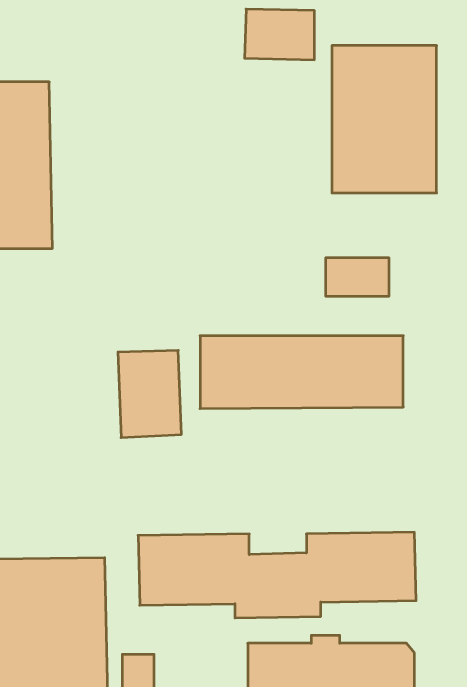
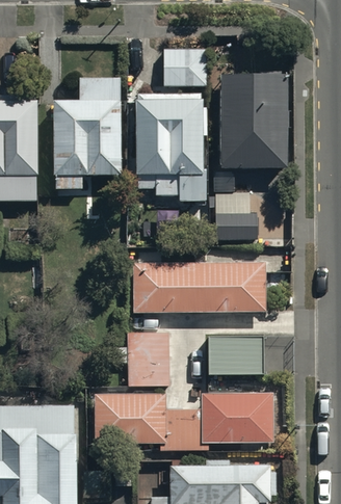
building: none -> [55,77,123,189]
building: none -> [134,91,204,200]
building: [118,350,181,438] -> [129,329,170,387]
building: none -> [205,334,263,373]

